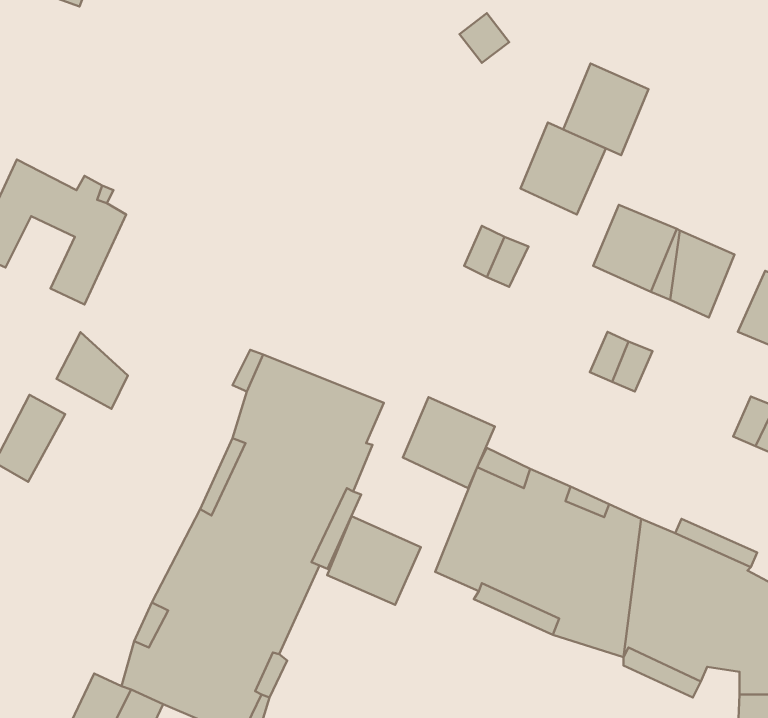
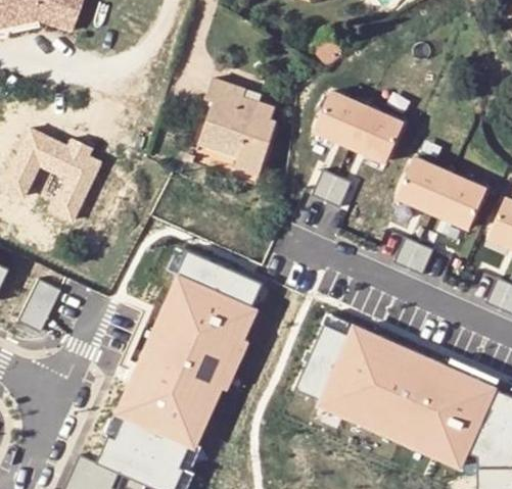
building: [563,63,649,155] -> [313,90,367,148]
building: none -> [200,80,275,173]
building: [57,332,128,409] -> none
building: [403,397,495,488] -> none
building: [327,516,421,605] -> none

